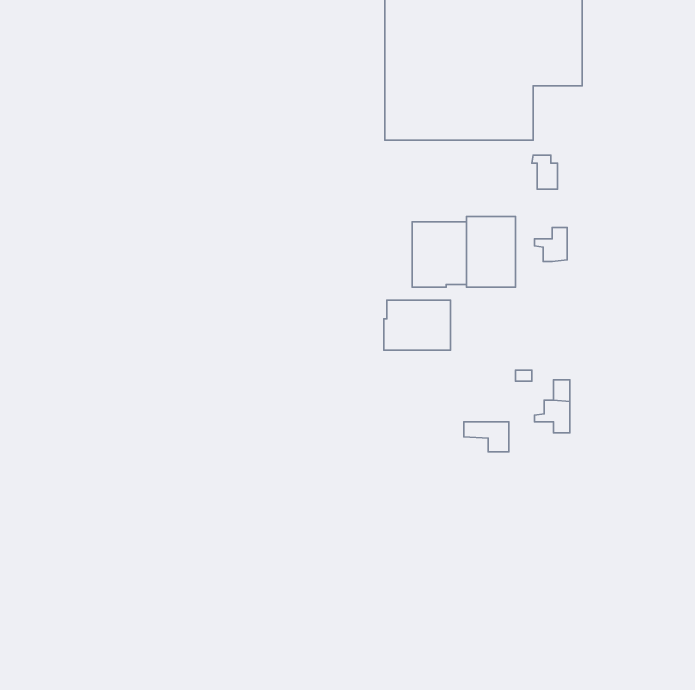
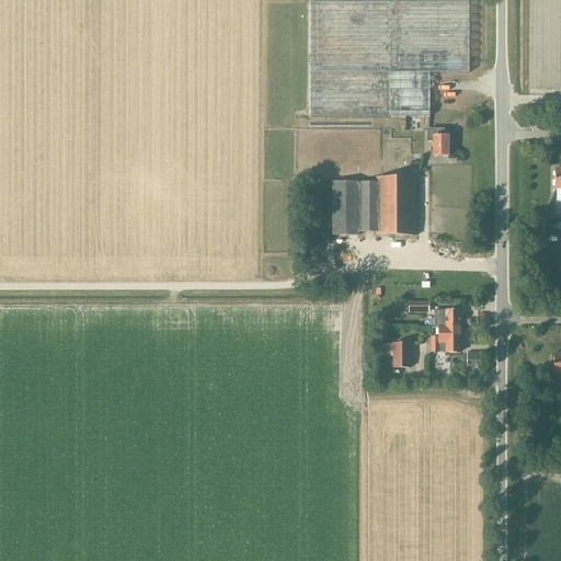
building: [535,228,567,261] -> none
building: [384,300,450,350] -> none

